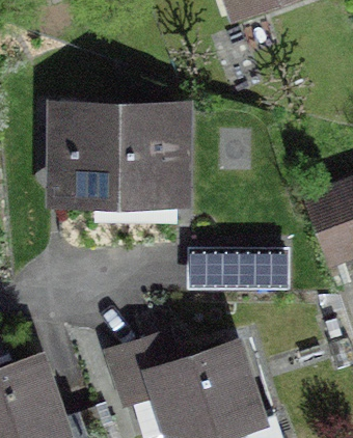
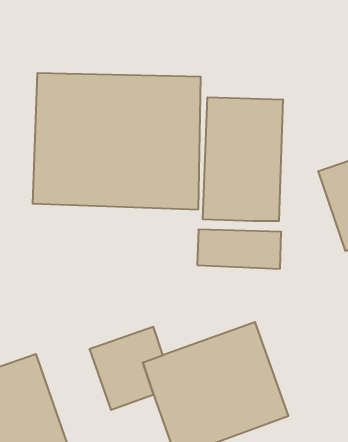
building: none -> [203,97,283,221]

